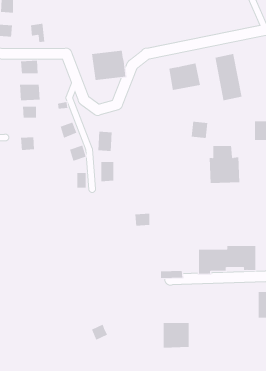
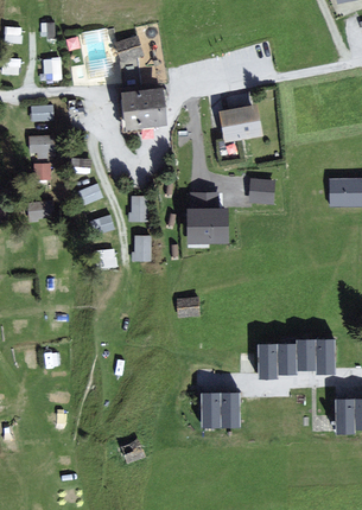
building: none -> [114,34,144,63]
building: [215,53,242,101] -> none
building: [209,146,240,183] -> [186,195,227,243]
building: [163,322,190,348] -> [202,394,236,427]

